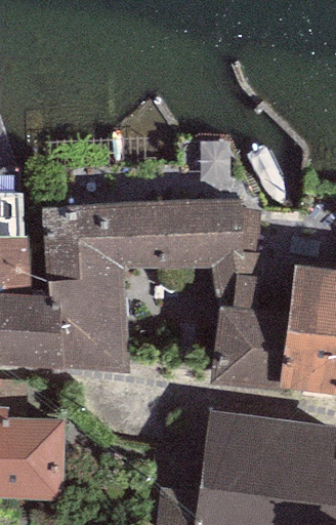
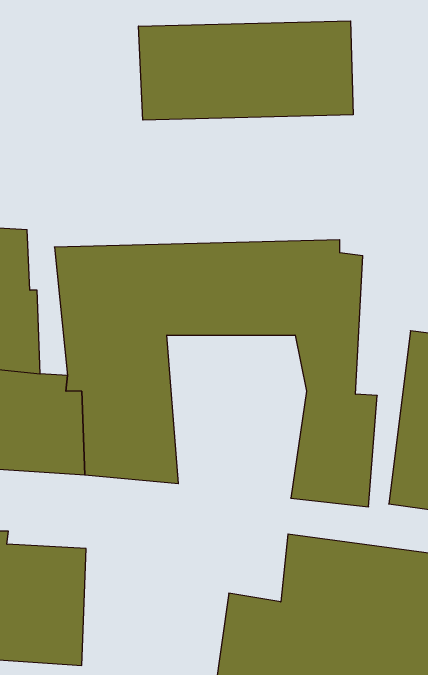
building: none -> [139,21,353,120]

